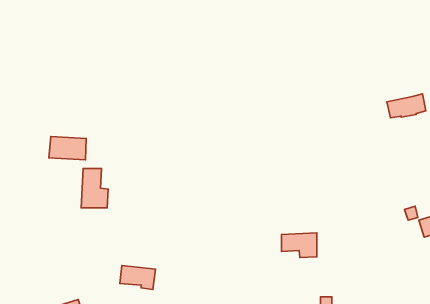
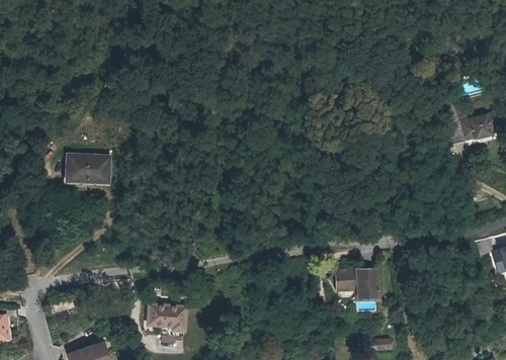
building: [81,169,108,208] -> none

